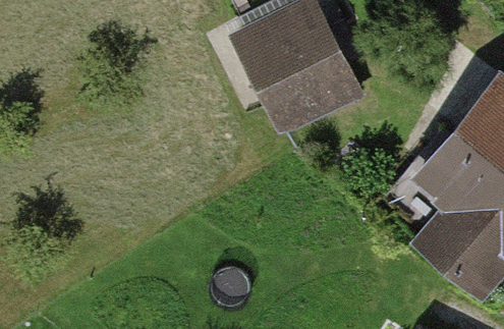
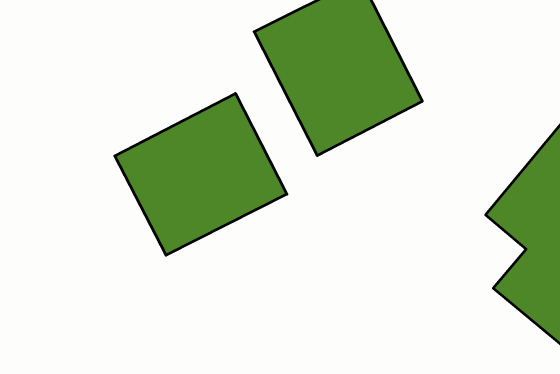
building: none -> [115,93,287,255]

